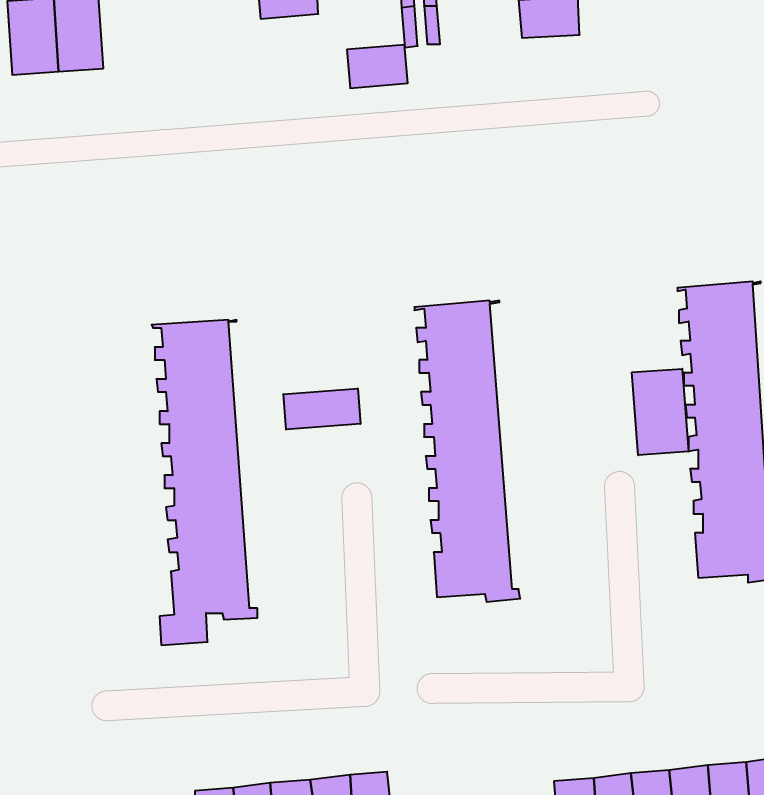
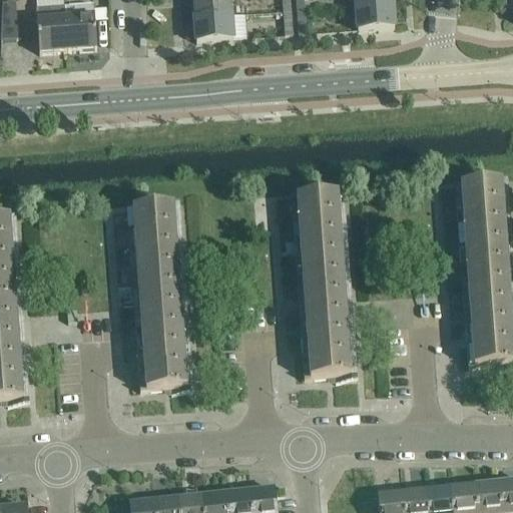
building: [347,45,408,88] -> [194,11,232,38]
building: [632,369,689,455] -> none
building: [283,388,360,430] -> none

